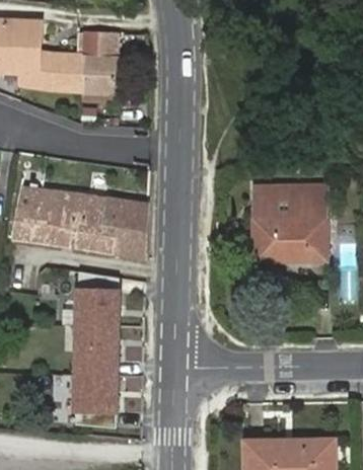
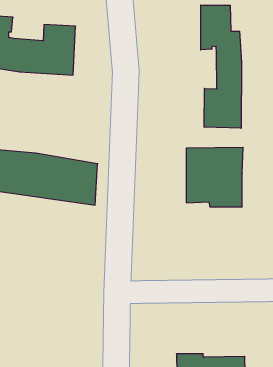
building: none -> [201,5,241,128]
building: [73,282,133,411] -> none

